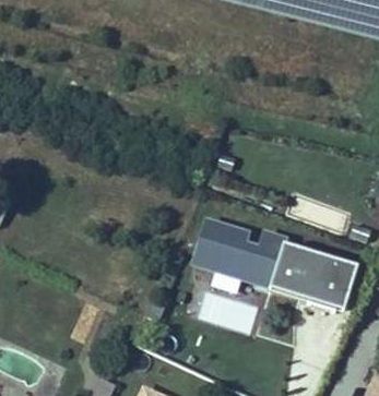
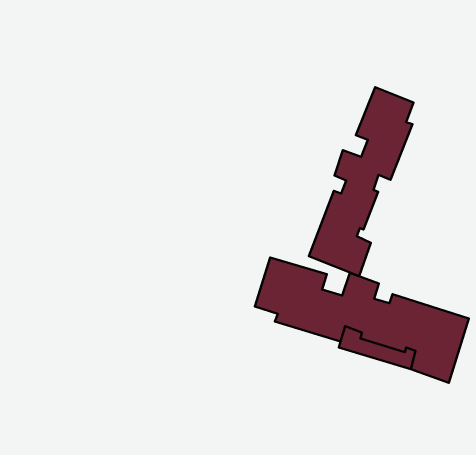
building: none -> [309,87,413,276]

